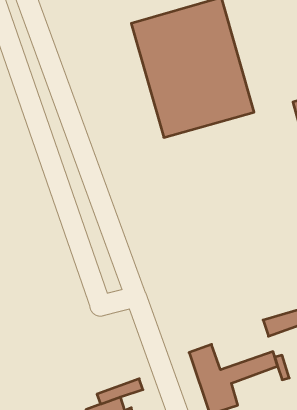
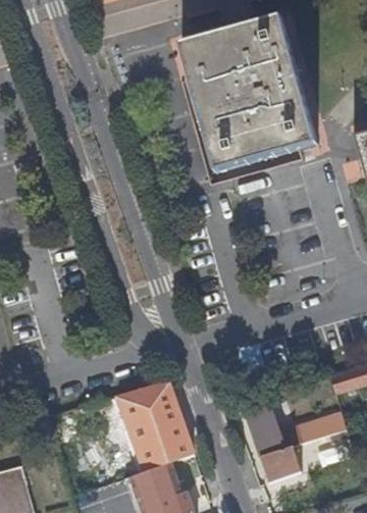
building: none -> [122,384,181,443]

